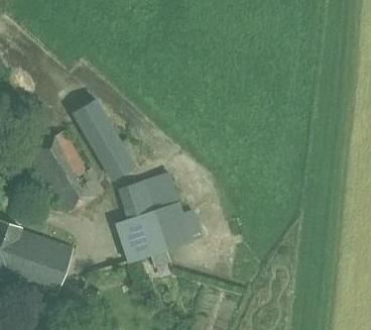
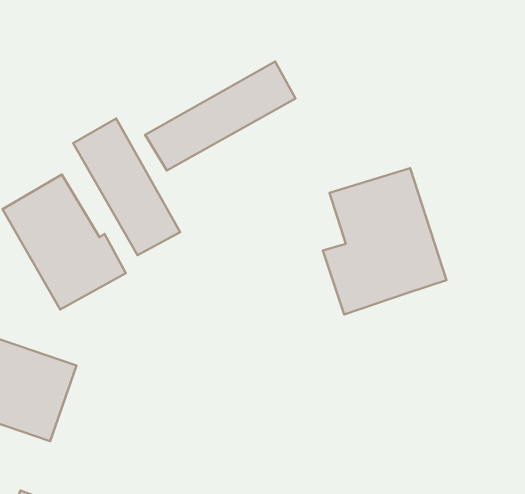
building: none -> [145,61,296,171]
building: [116,173,192,262] -> [323,168,446,315]

